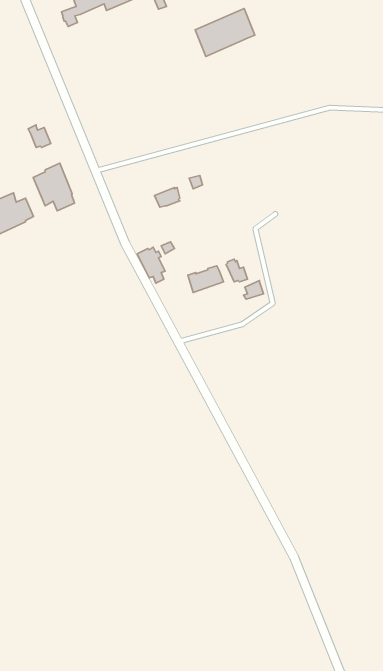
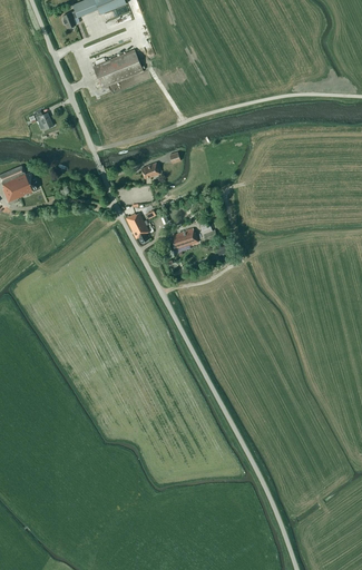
building: [195,9,255,56] -> [94,49,144,89]
building: [33,163,75,211] -> none

